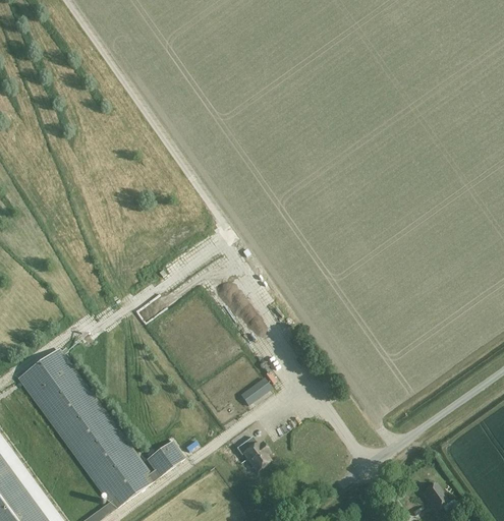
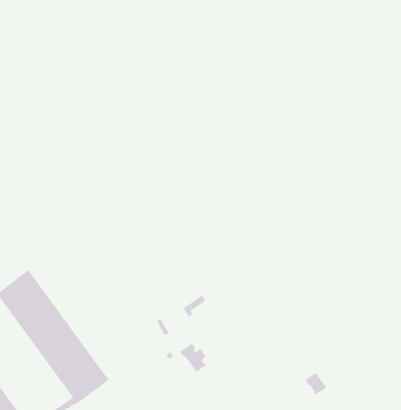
building: [146,441,183,478] -> none
building: [422,482,448,510] -> [305,372,327,395]

